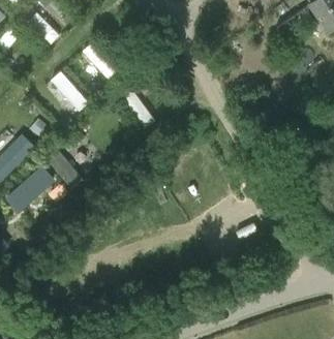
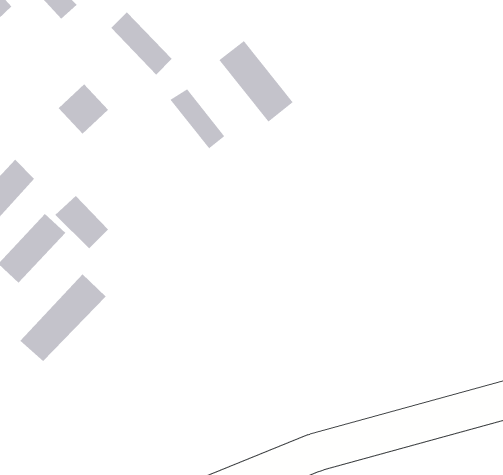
building: none -> [218,40,294,122]
building: none -> [20,274,106,362]

